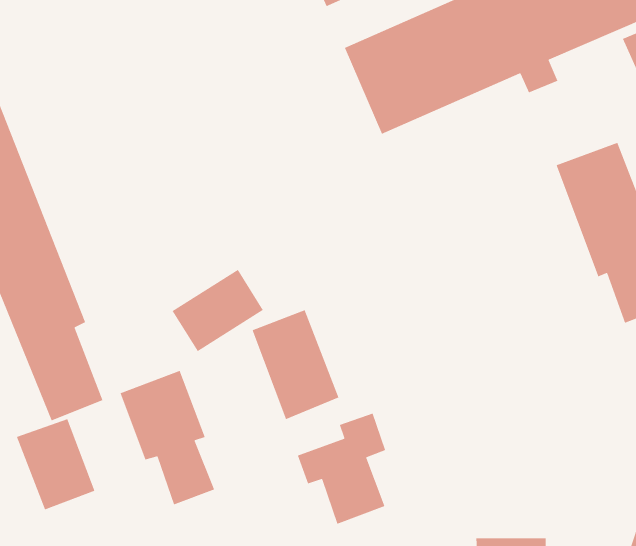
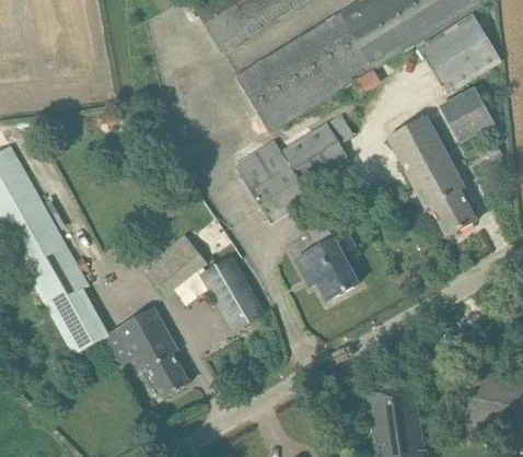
building: none -> [236,114,352,220]
building: [297,413,386,525] -> [294,221,358,298]
building: [16,418,95,511] -> none

